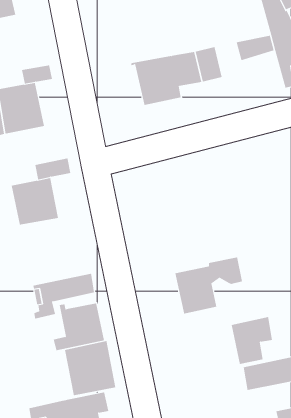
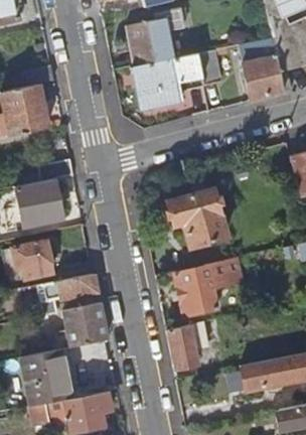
building: none -> [126,9,184,66]
building: none -> [242,54,285,101]
building: none -> [167,185,225,247]
building: none -> [12,241,52,278]
building: [231,317,273,365] -> [167,321,208,369]
building: none -> [20,350,68,407]

